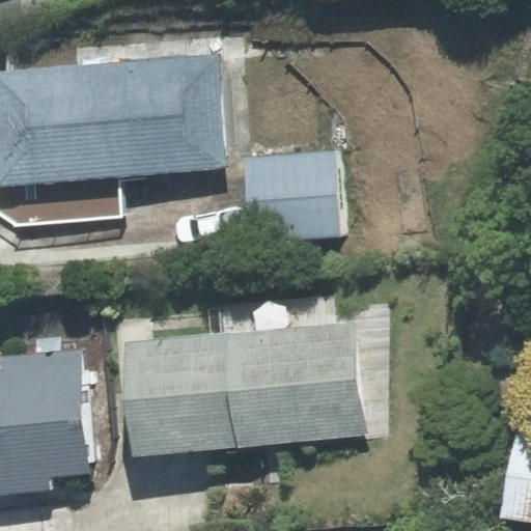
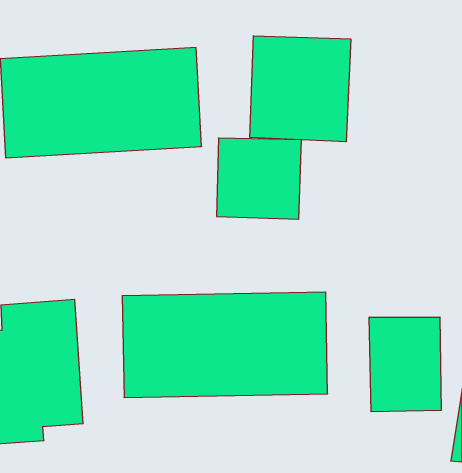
building: none -> [250,36,351,142]
building: none -> [369,317,441,412]

